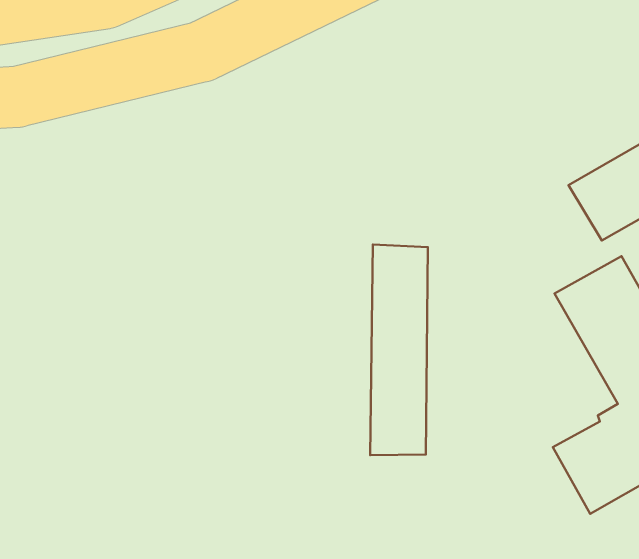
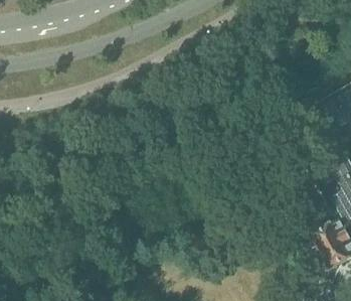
building: [370,245,428,455] -> none

